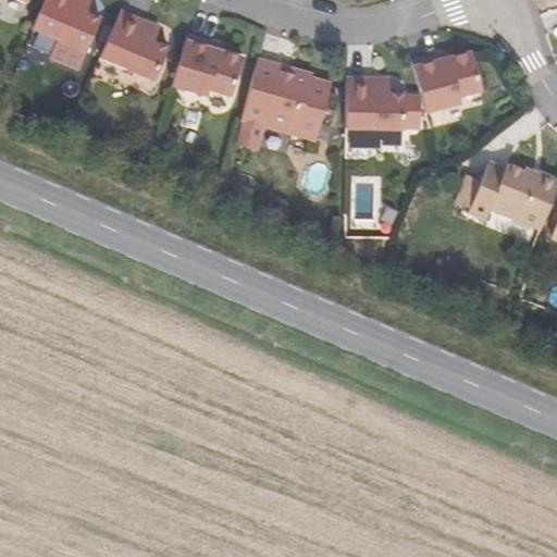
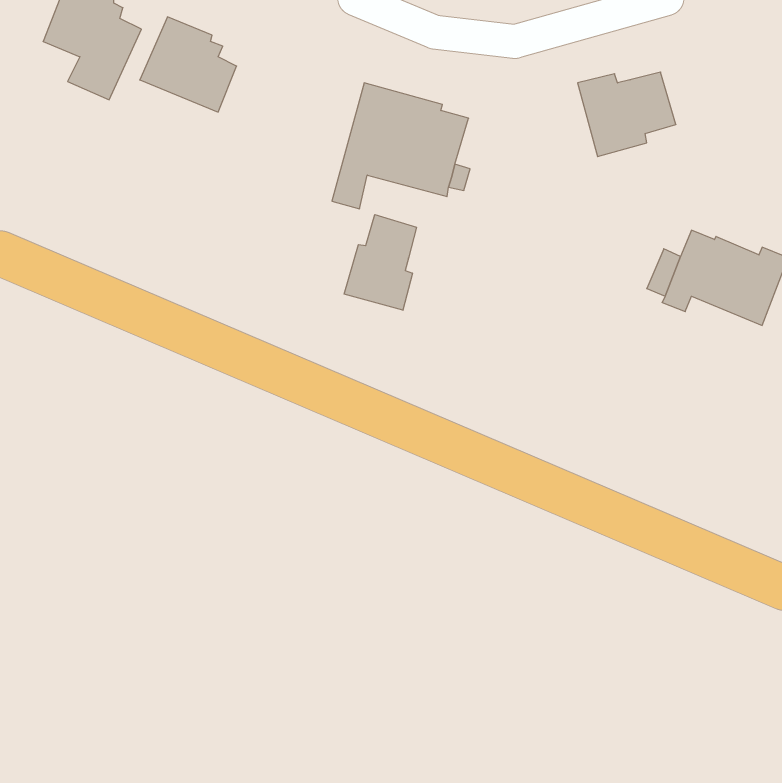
building: [173,36,245,99] -> none
building: [347,78,407,128] -> none
building: none -> [344,215,416,310]

